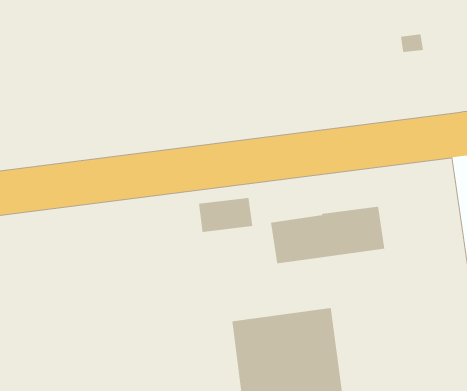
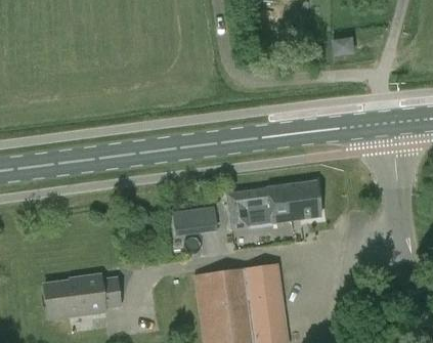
building: [198,197,253,232] -> [175,205,220,233]
building: none -> [44,275,121,318]

